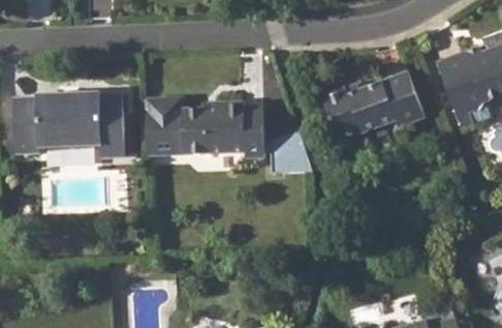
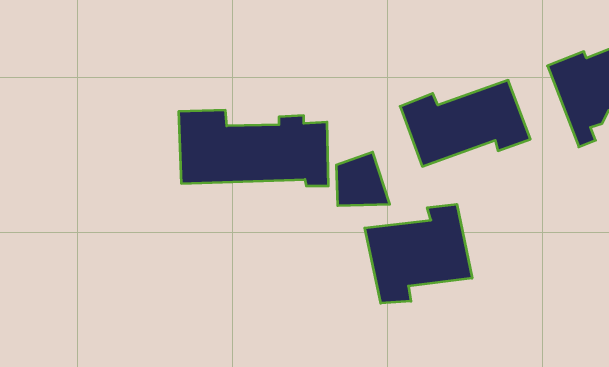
building: [12,92,123,157] -> none
building: none -> [365,204,472,303]

